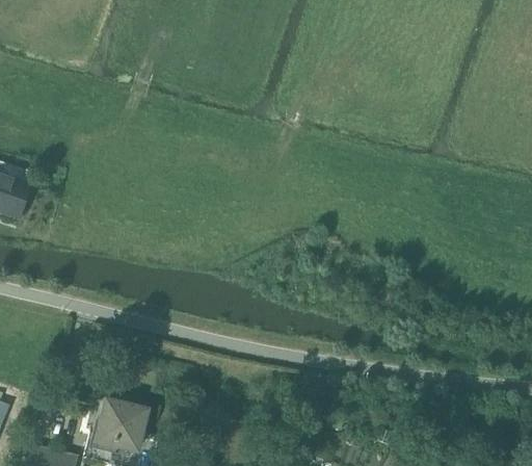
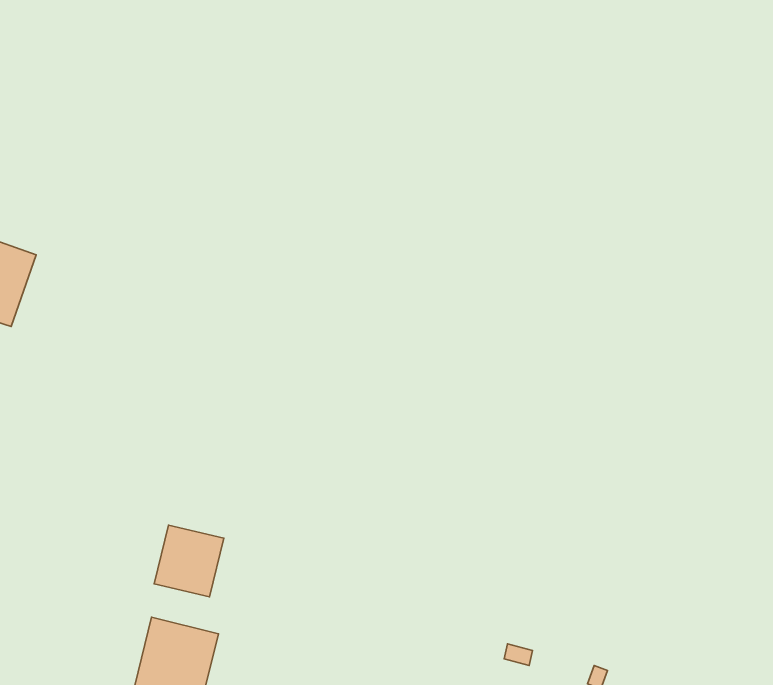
building: none -> [154,525,224,597]

